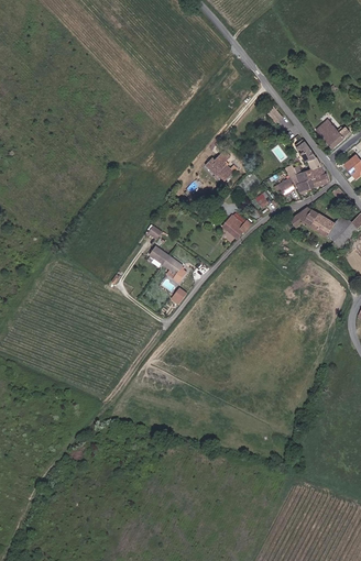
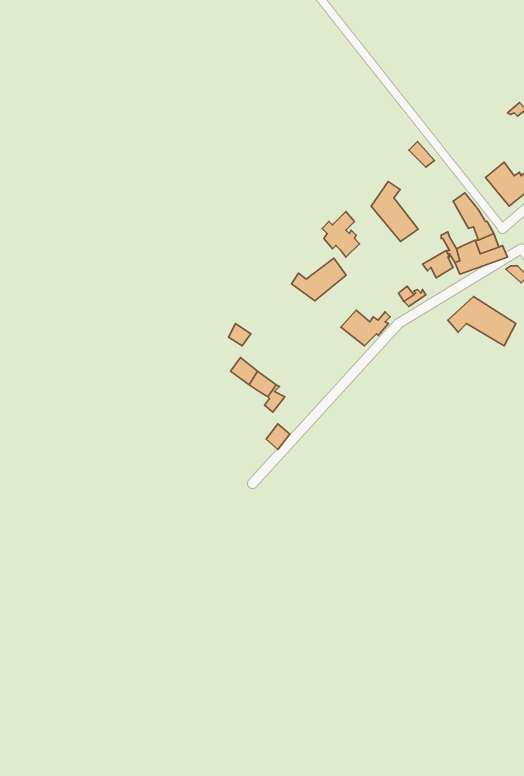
building: none -> [371,182,418,242]
building: none -> [292,258,346,301]

